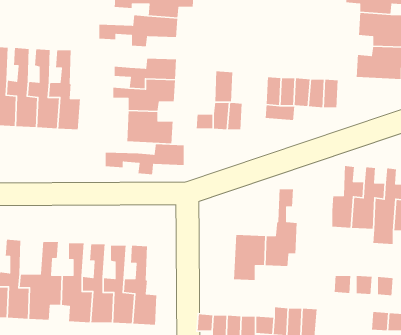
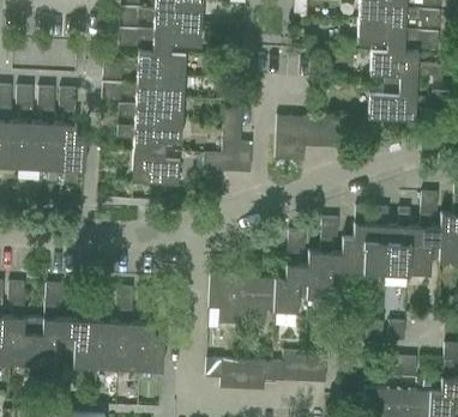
building: [105,144,184,175] -> [102,75,183,108]
building: none -> [306,218,342,300]
building: none -> [207,276,243,325]

